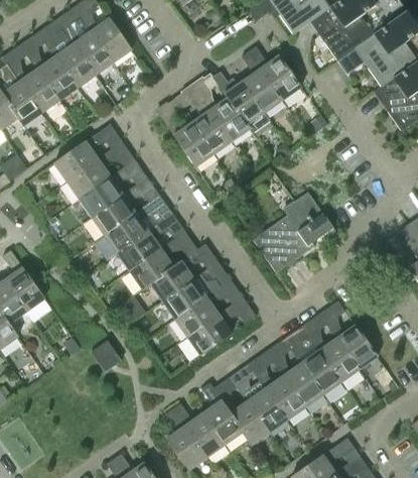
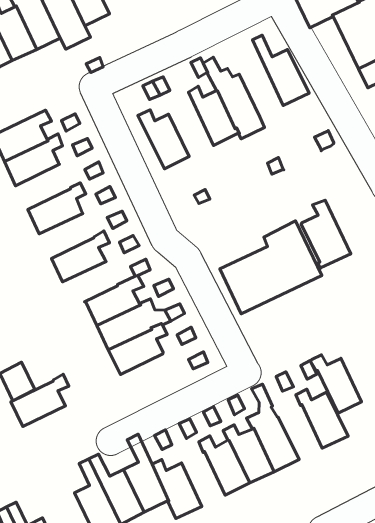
building: [241,51,282,112] -> none
building: [191,102,232,153] -> none
building: none -> [301,200,351,269]
building: [79,170,124,217] -> none
building: [104,207,149,253] -> none
building: [129,242,174,289] -> none
building: [187,308,232,355] -> [11,374,69,427]
building: [312,337,359,381] -> [310,355,361,413]
building: [241,380,287,432] -> none

